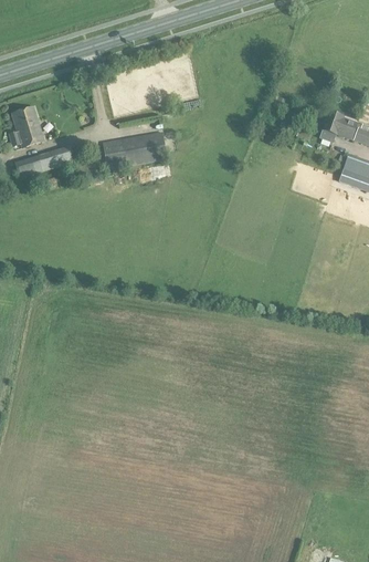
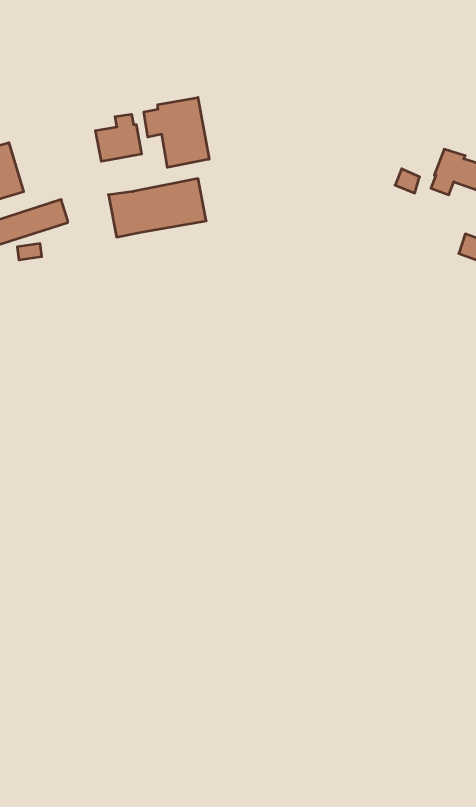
building: none -> [144,97,209,167]
building: none -> [95,114,142,161]

